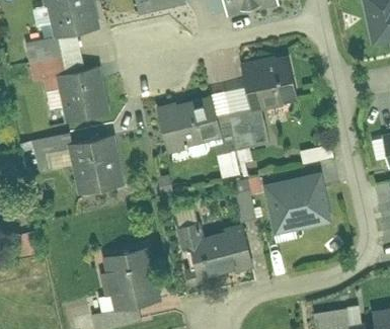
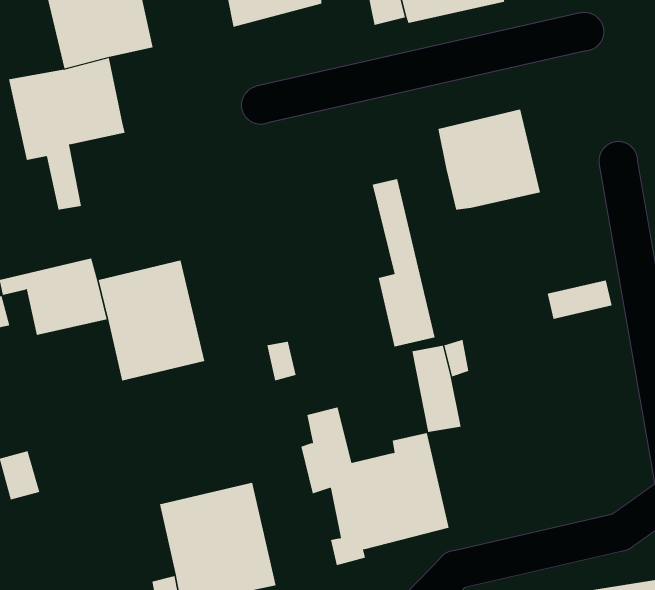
building: [56,68,106,121] -> none
building: [223,88,268,177] -> none
building: [156,96,221,155] -> none
building: [262,170,332,234] -> none

